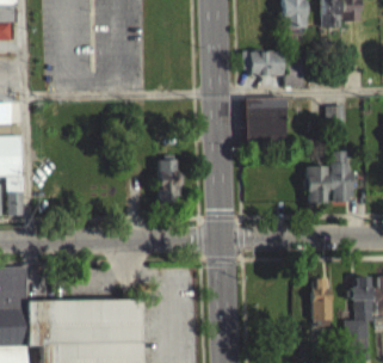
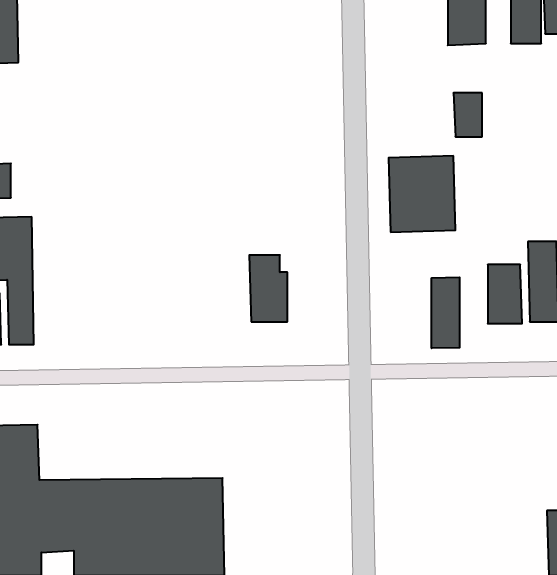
building: [242,51,283,76] -> none
building: none -> [432,277,460,348]
building: [311,277,332,325] -> none

